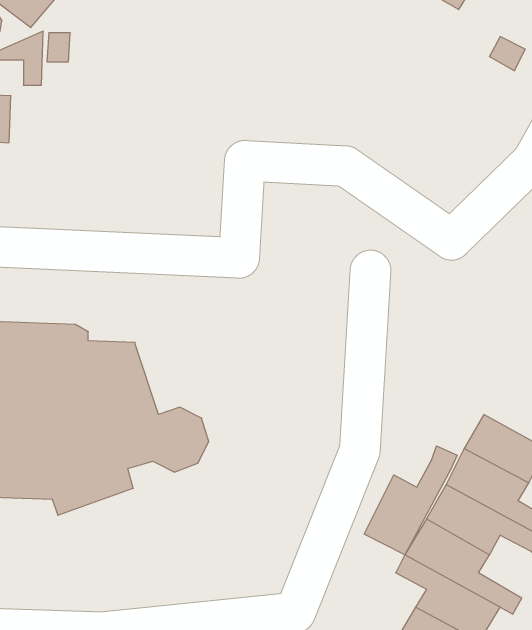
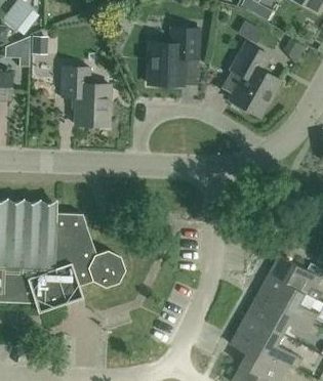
building: none -> [149,27,199,85]
building: none -> [230,42,279,116]
building: none -> [60,66,110,125]
building: [364,446,457,555] -> none

